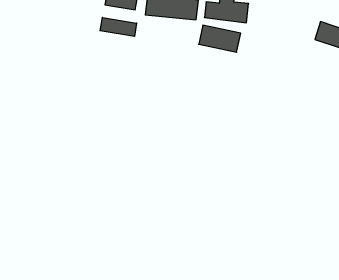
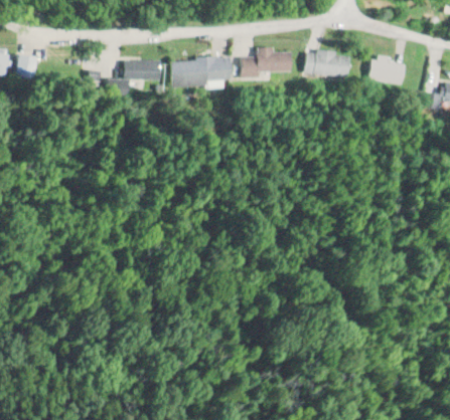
building: [100,17,137,36] -> none
building: [199,25,241,52] -> [303,51,348,75]

